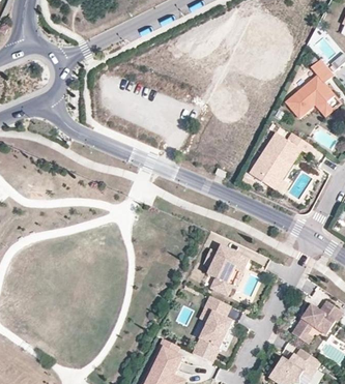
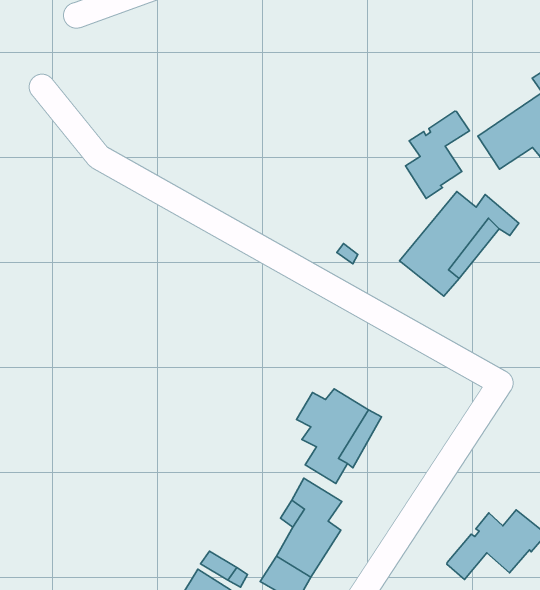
building: none -> [406,111,469,199]

